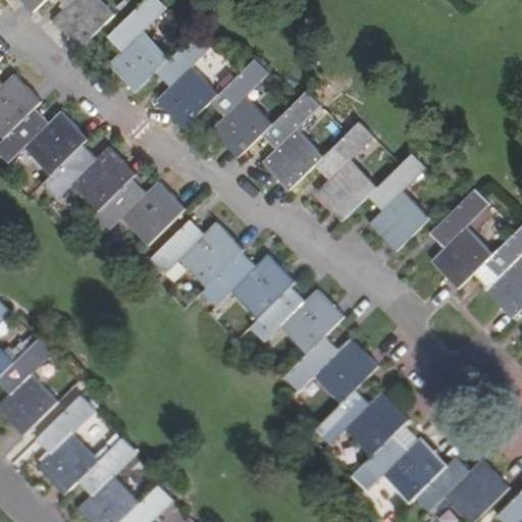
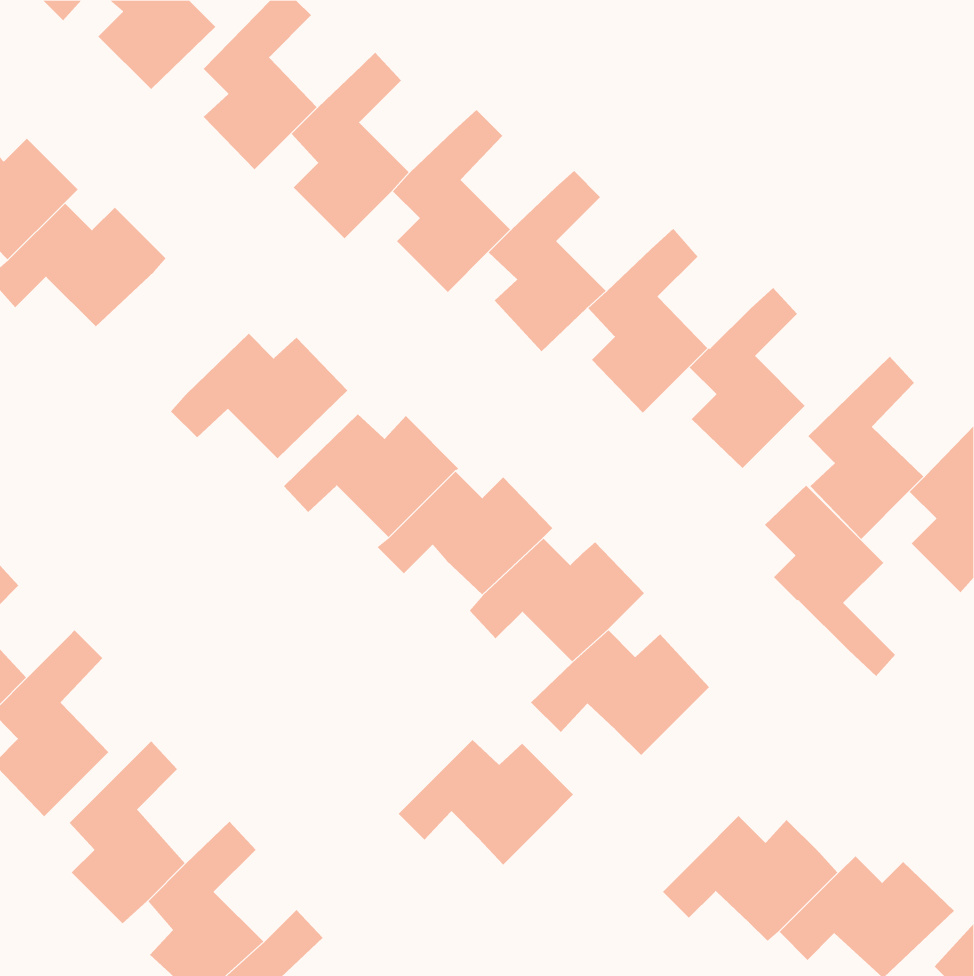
building: [41,146,136,211] -> none
building: none -> [764,485,896,677]
building: [315,390,409,458] -> [398,739,574,865]

